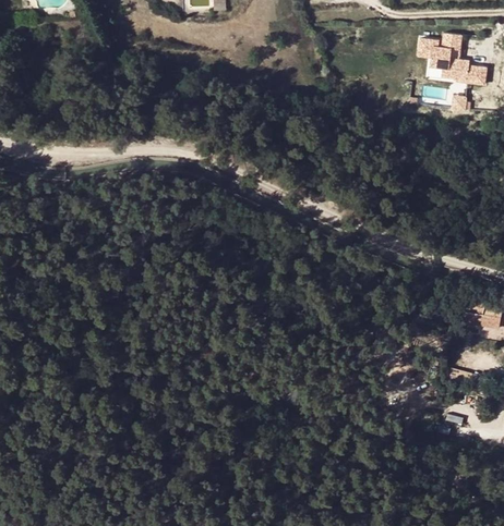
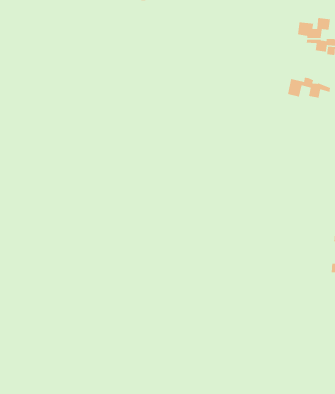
building: none -> [287,77,331,99]

